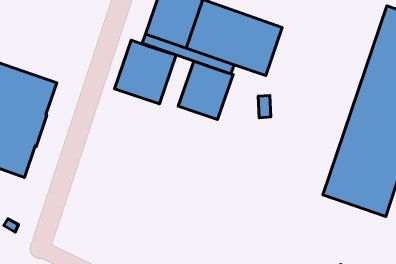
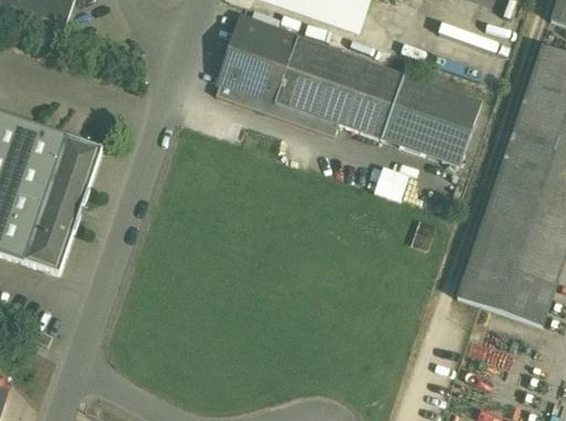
building: none -> [380,74,481,165]
building: [114,40,176,104] -> none
building: [178,61,233,119] -> none

